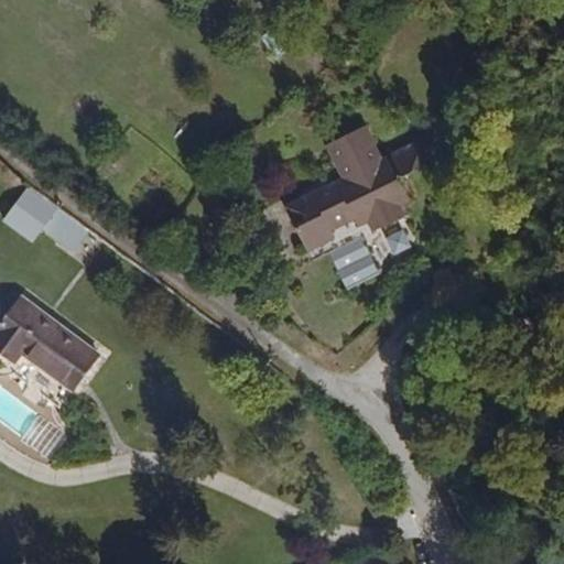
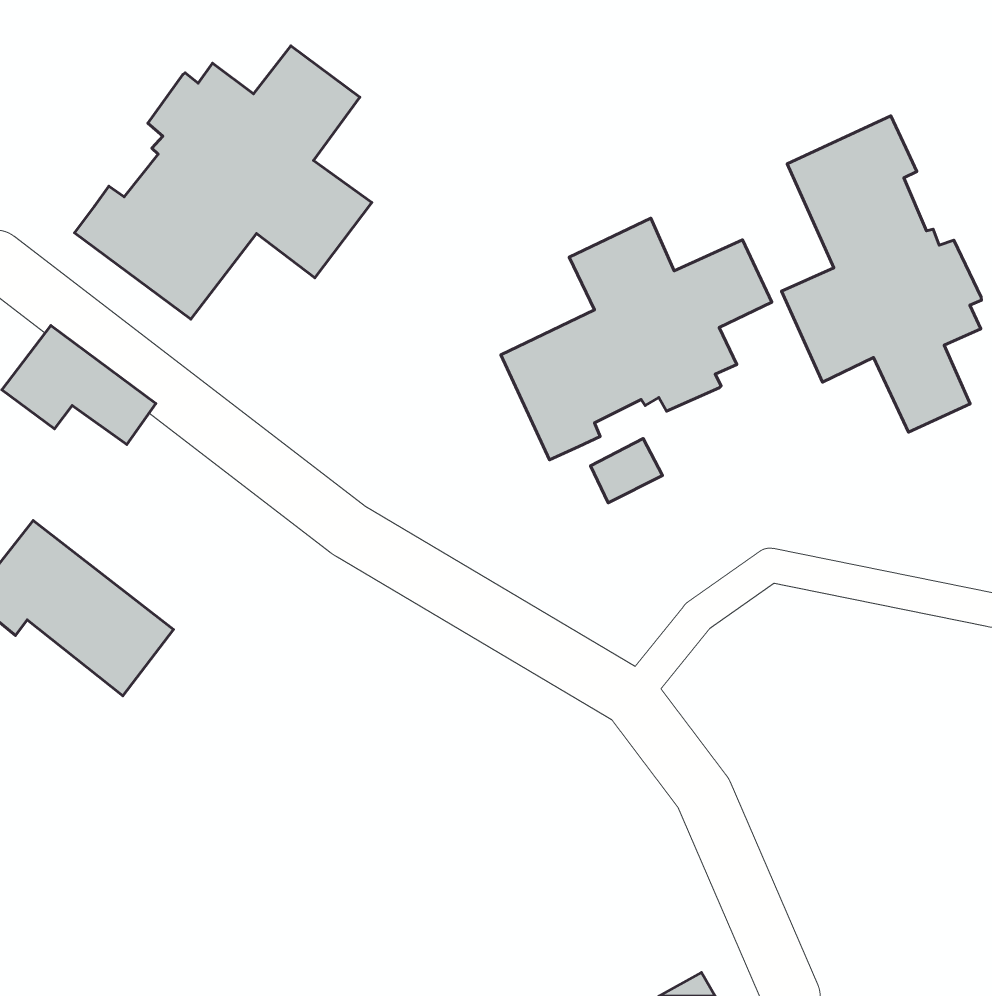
building: none -> [74,46,372,319]
building: none -> [781,116,982,432]

